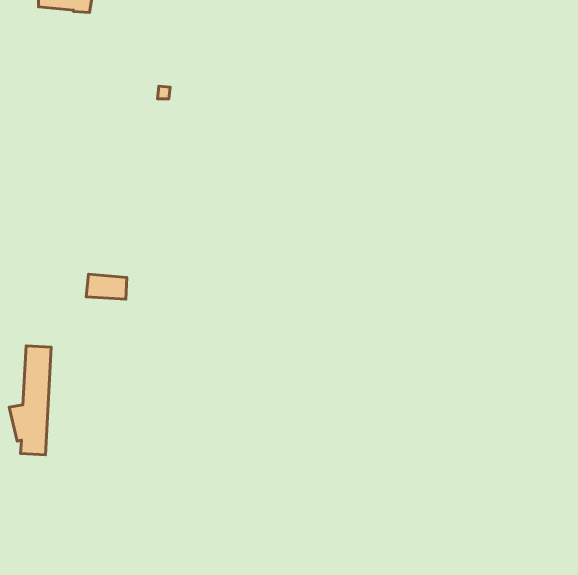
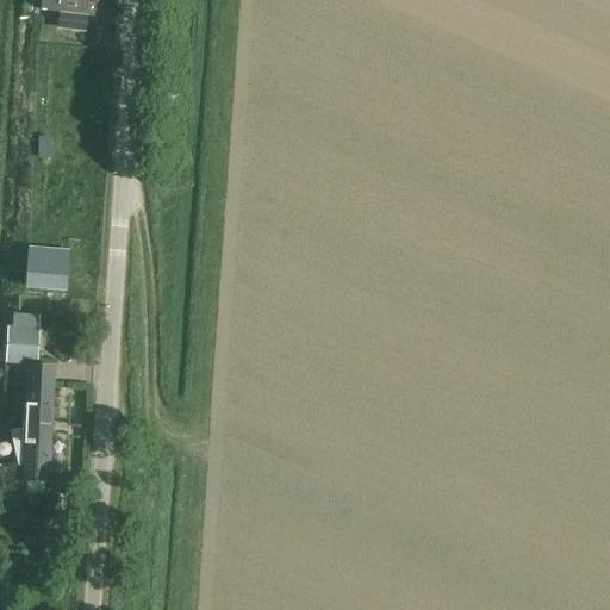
building: [86,274,127,299] -> [25,260,68,286]
building: none -> [7,328,39,357]

